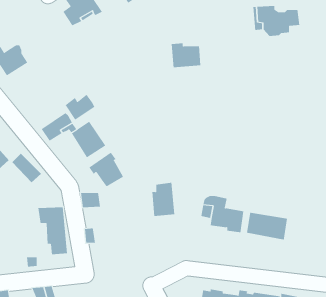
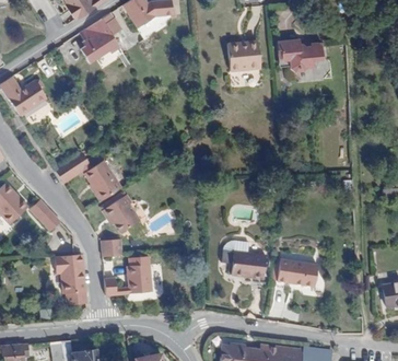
building: [171,43,201,68] -> [232,46,264,72]
building: [65,94,95,120] -> none
building: [151,182,175,217] -> [125,254,150,290]

